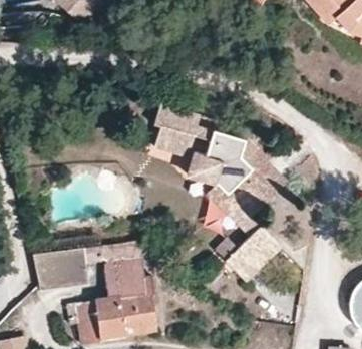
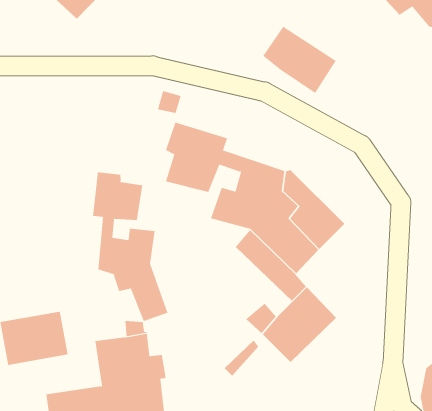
building: none -> [262,26,336,94]
building: none -> [92,171,168,322]

